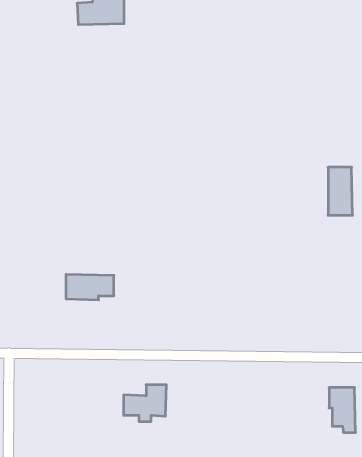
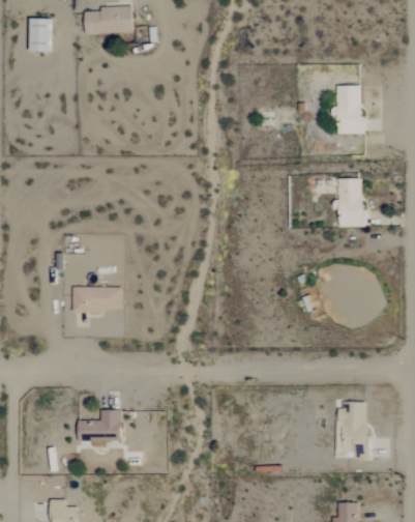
building: none -> [29,18,50,51]
building: none -> [336,85,361,134]
building: [124,385,166,421] -> [78,409,121,446]

